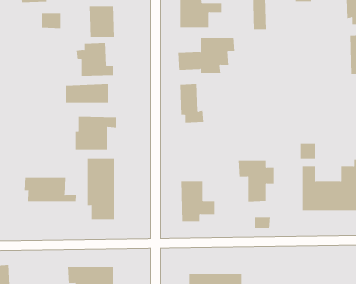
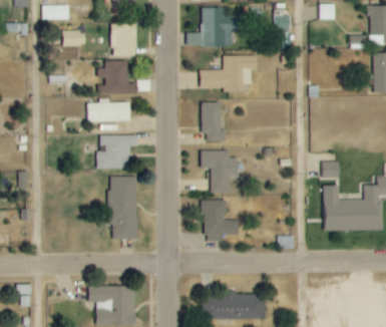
building: [238,160,274,202] -> [201,150,238,193]
building: [24,177,76,202] -> none

